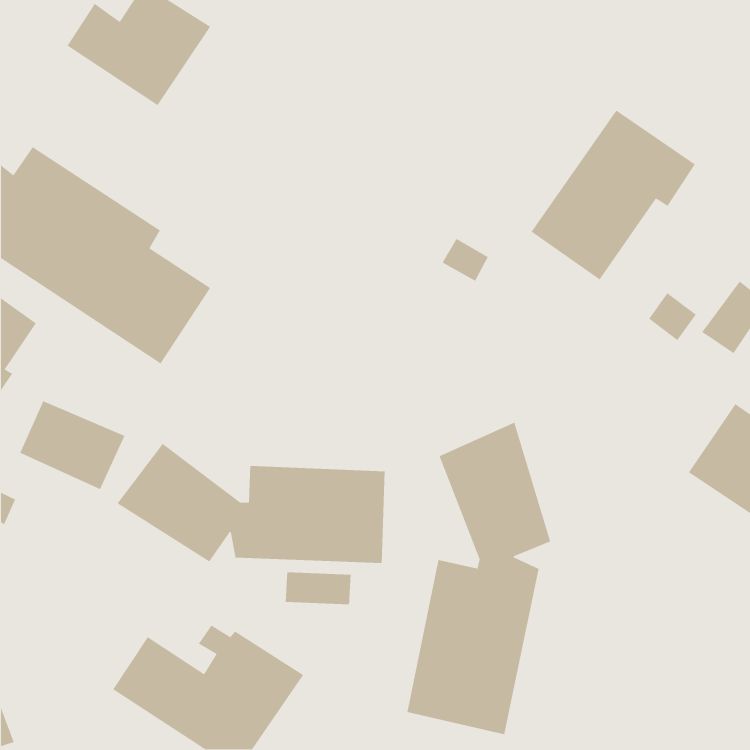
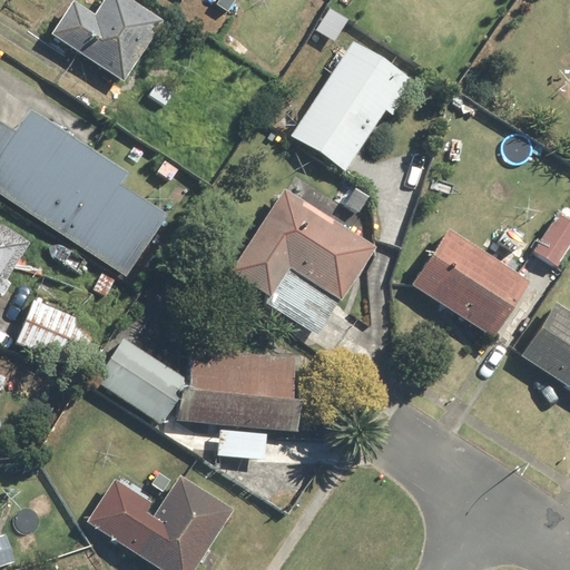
building: [531,109,696,281] -> [291,41,415,170]
building: none -> [236,191,372,334]
building: none -> [413,228,530,336]
building: [406,422,551,735] -> none

